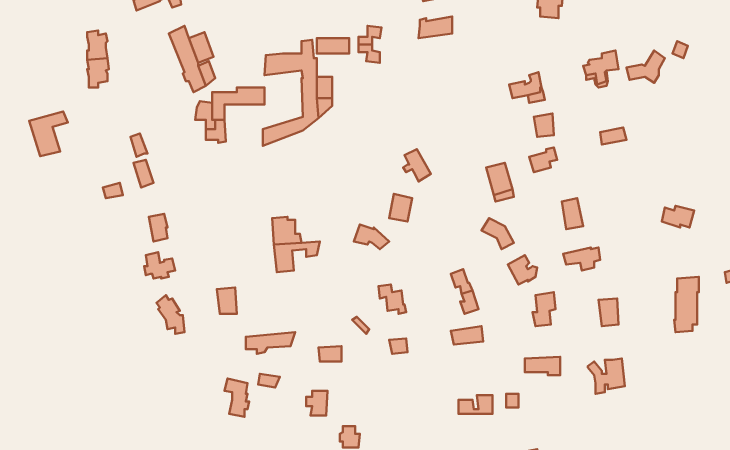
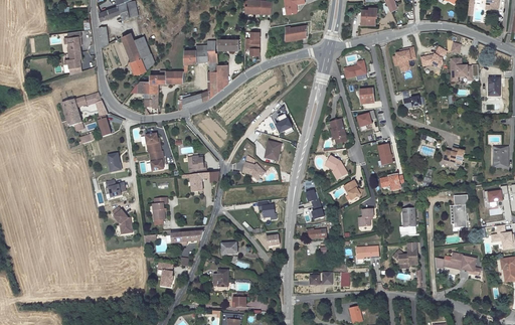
building: none -> [450,57,477,79]
building: [29,112,68,156] -> [61,96,87,125]
building: none -> [146,133,164,170]
building: none -> [436,253,478,276]

